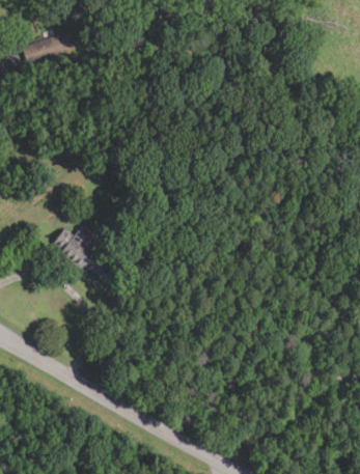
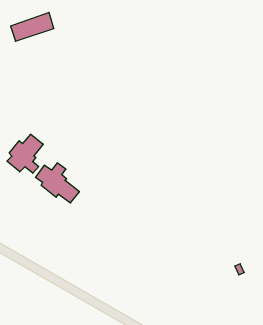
building: none -> [7,134,43,173]

